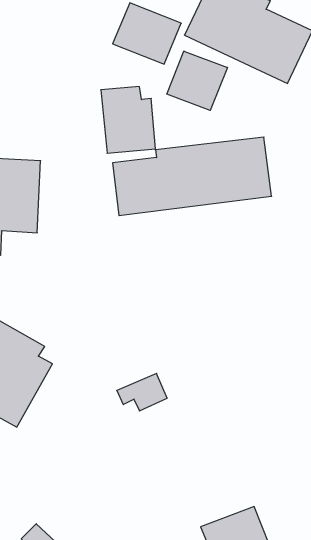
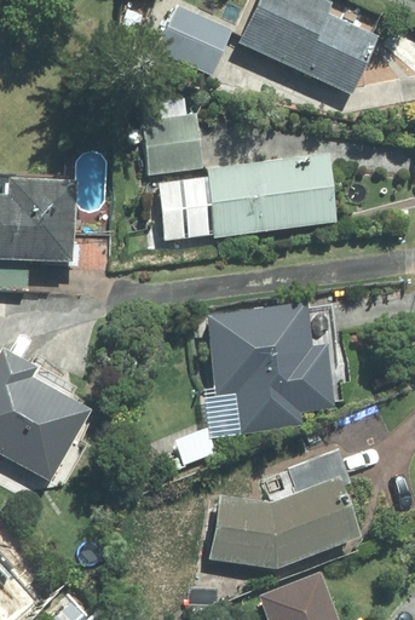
building: [167,51,227,110] -> none
building: none -> [206,305,332,434]
building: none -> [209,477,357,566]

